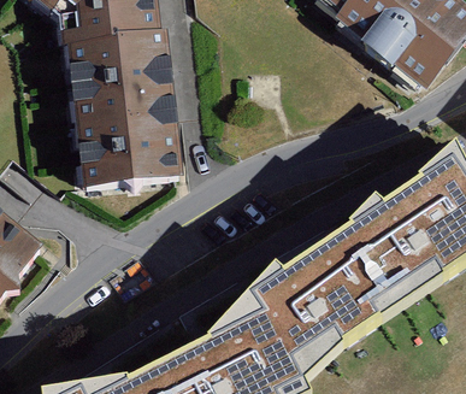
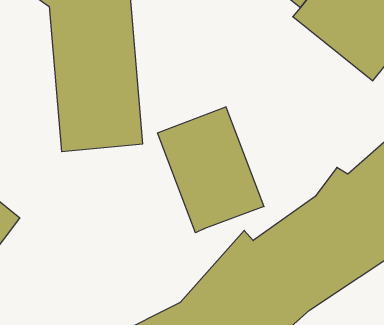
building: none -> [158,107,264,233]

